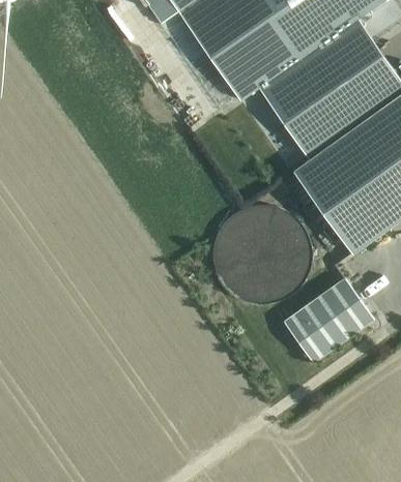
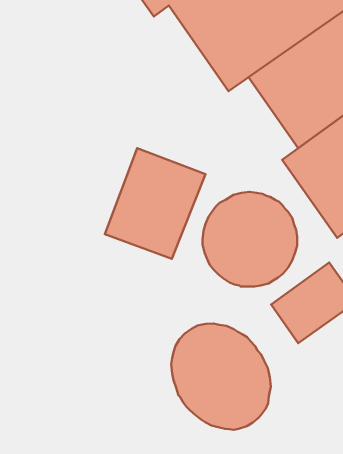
building: none -> [105,148,205,259]
building: none -> [171,324,271,430]

